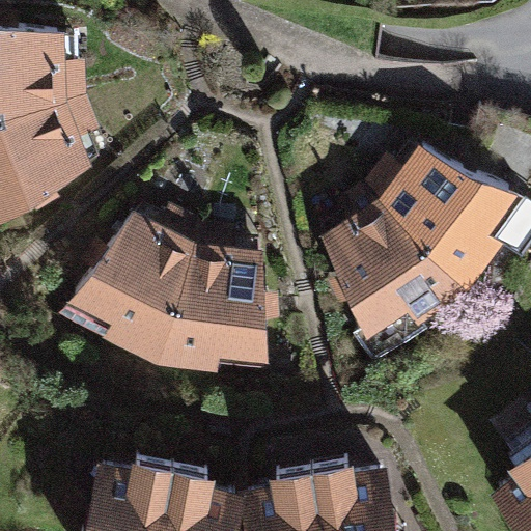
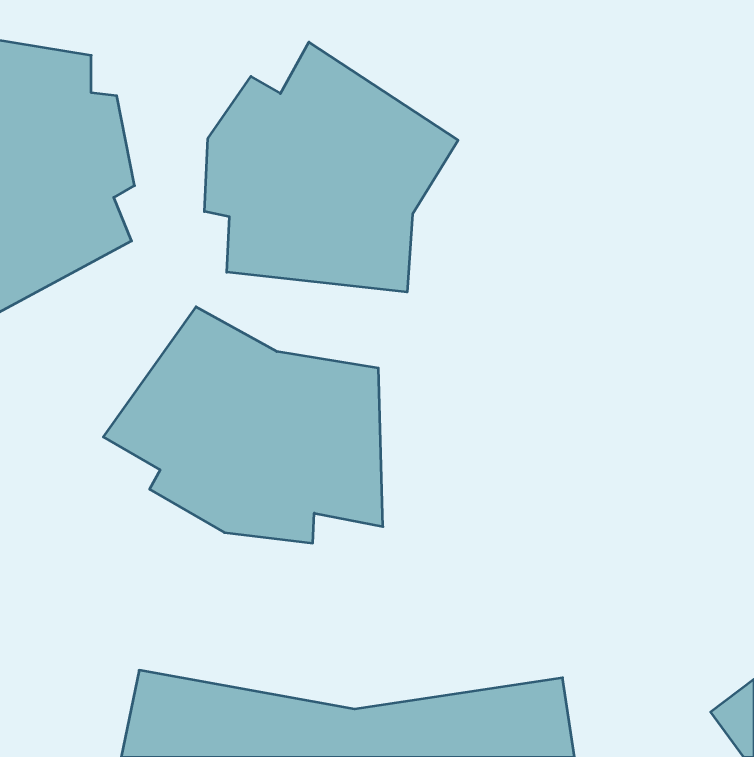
building: none -> [204,42,458,292]
building: [318,147,516,340] -> none

